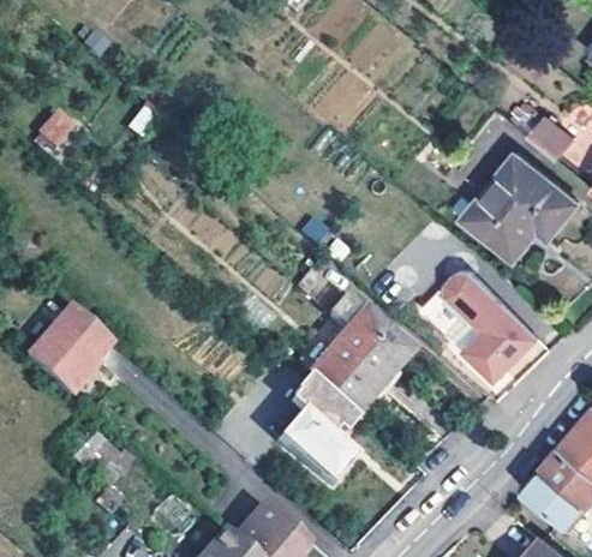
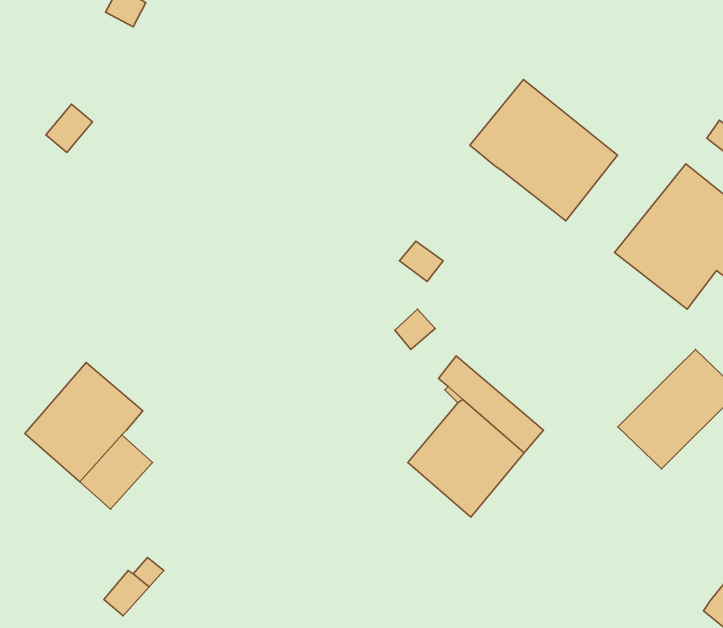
building: none -> [470,79,618,221]
building: [419,274,506,353] -> none
building: [276,379,357,490] -> none

